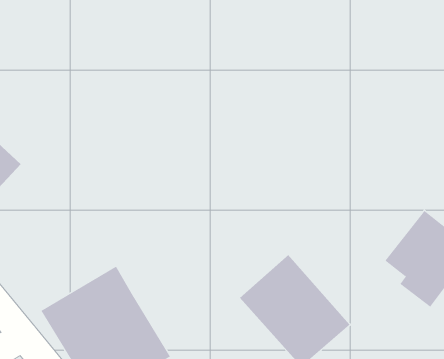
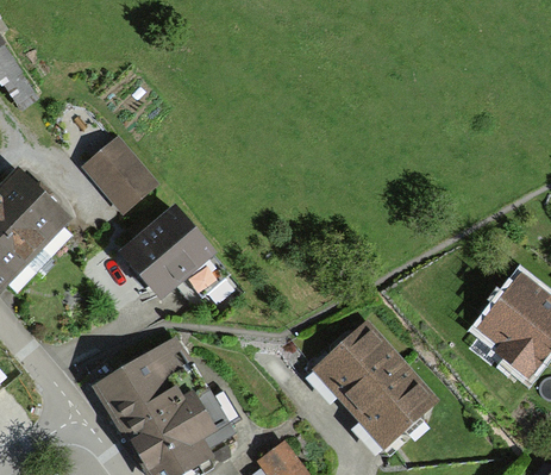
building: none -> [82,136,156,213]
building: none -> [119,206,213,299]

